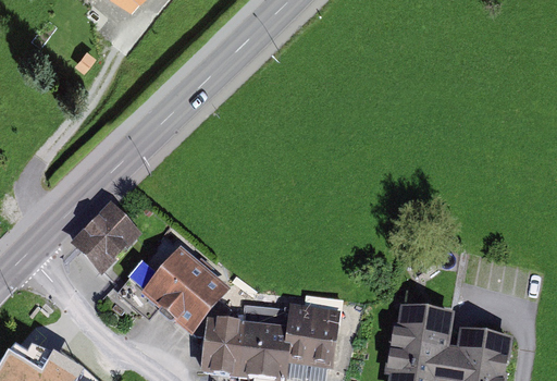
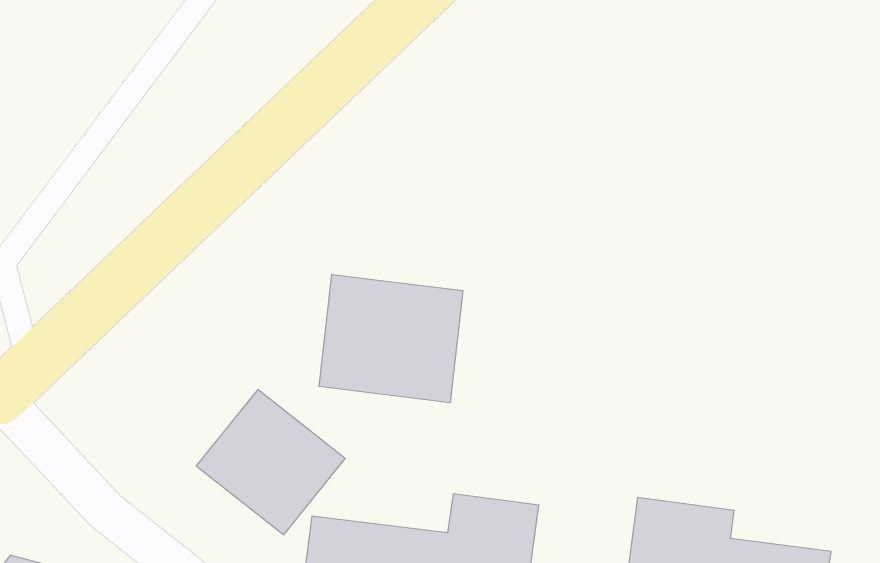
building: none -> [319,274,463,403]
building: [74,205,139,270] -> none

